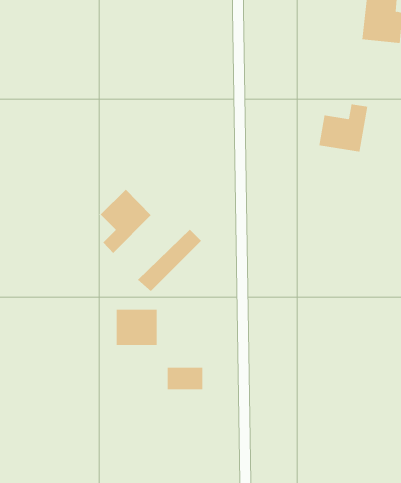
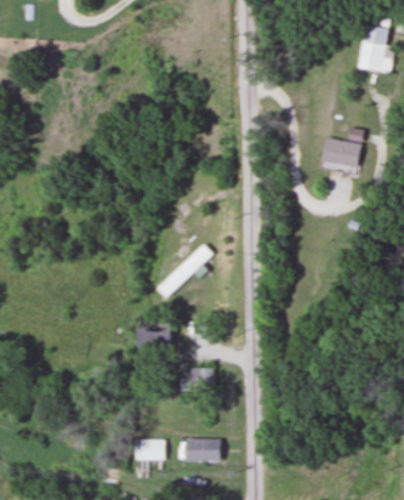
building: [100,189,152,254] -> none
building: none -> [133,439,166,460]
building: none -> [180,439,220,461]

